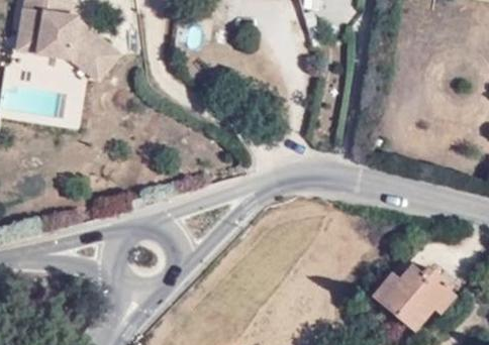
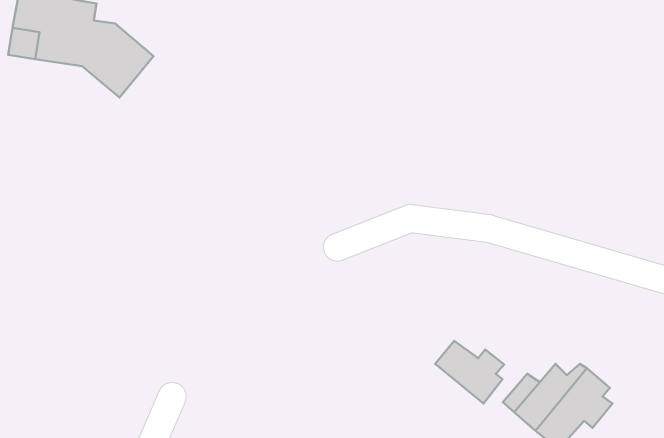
building: none -> [435,341,504,403]

